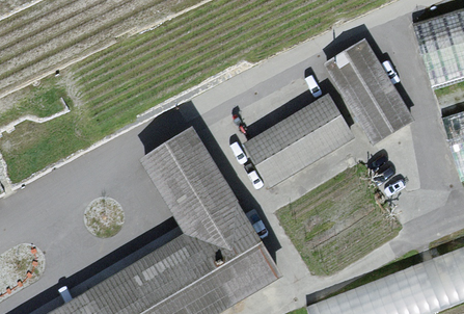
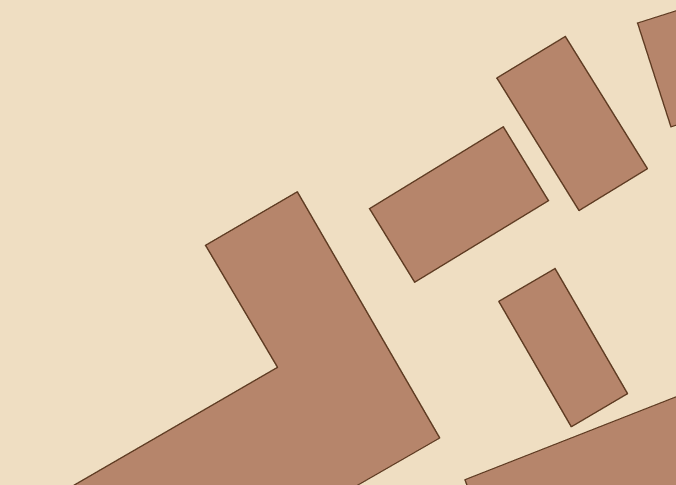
building: none -> [499,268,627,427]

